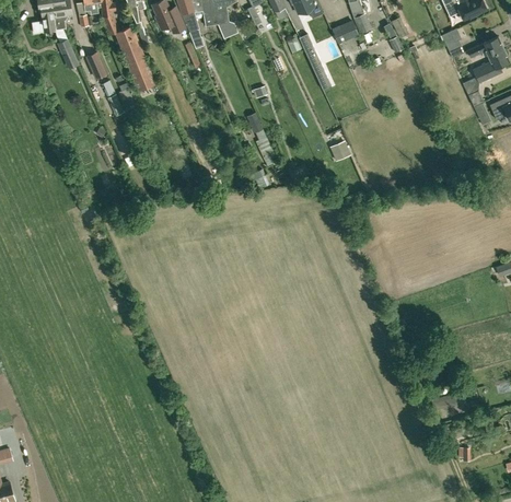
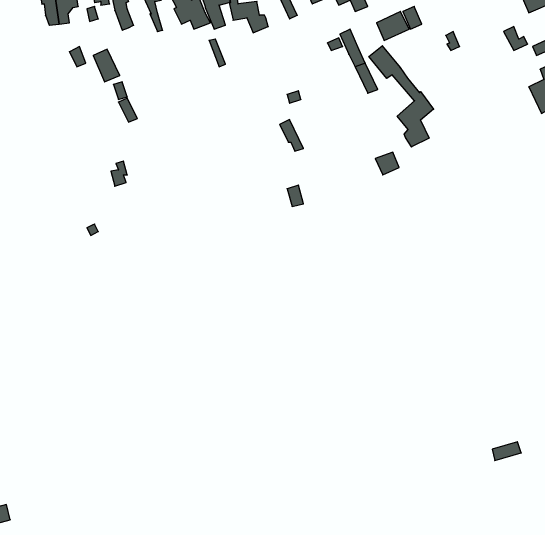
building: [115,25,155,90] -> none
building: none -> [369,46,434,147]

